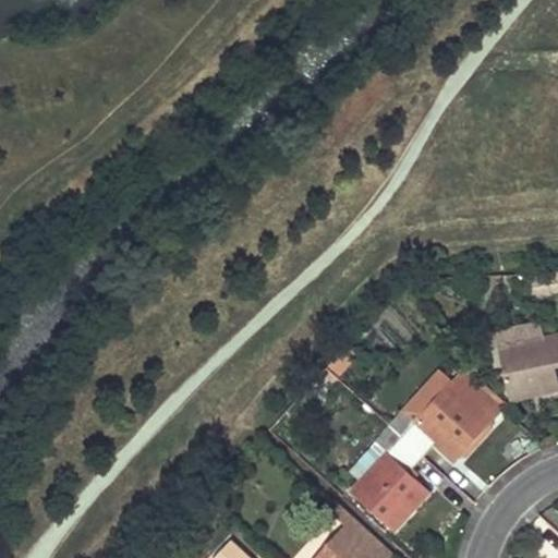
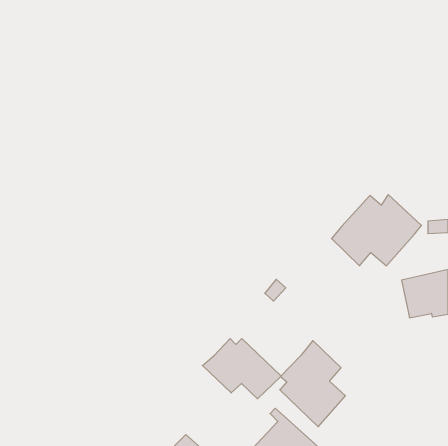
building: [389,372,501,460] -> [331,195,422,266]
building: none -> [202,339,281,399]

